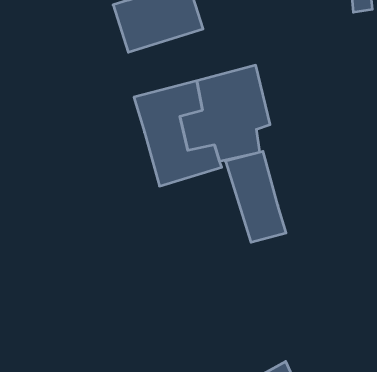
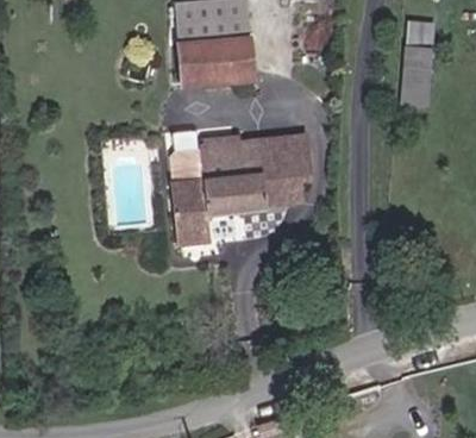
building: [225,151,286,242] -> [165,170,211,251]

